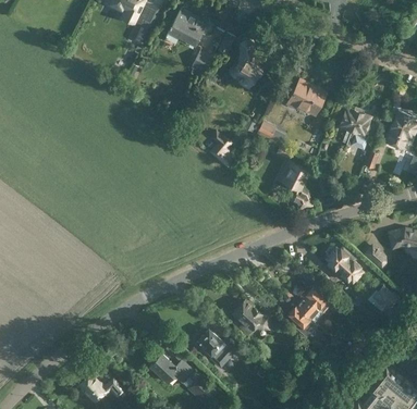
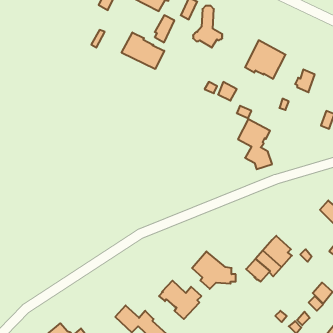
building: none -> [122,32,164,69]
building: [346,113,371,149] -> none
building: [209,131,235,169] -> none
building: [324,247,363,283] -> none

